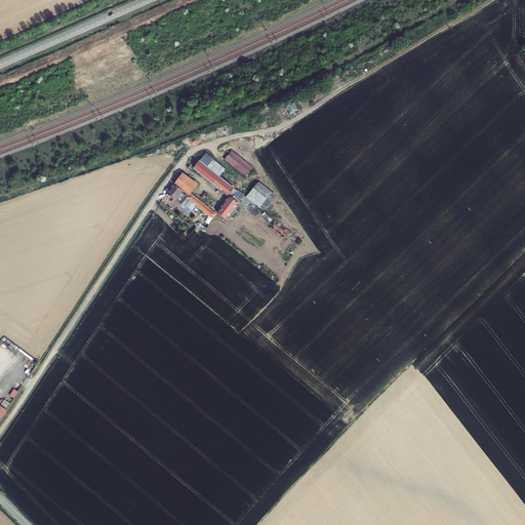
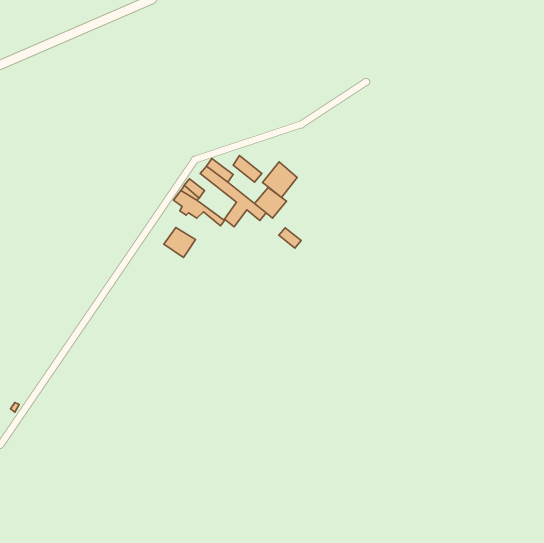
building: none -> [263,162,297,198]
building: none -> [164,227,195,258]

